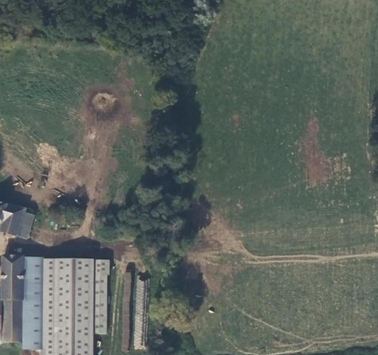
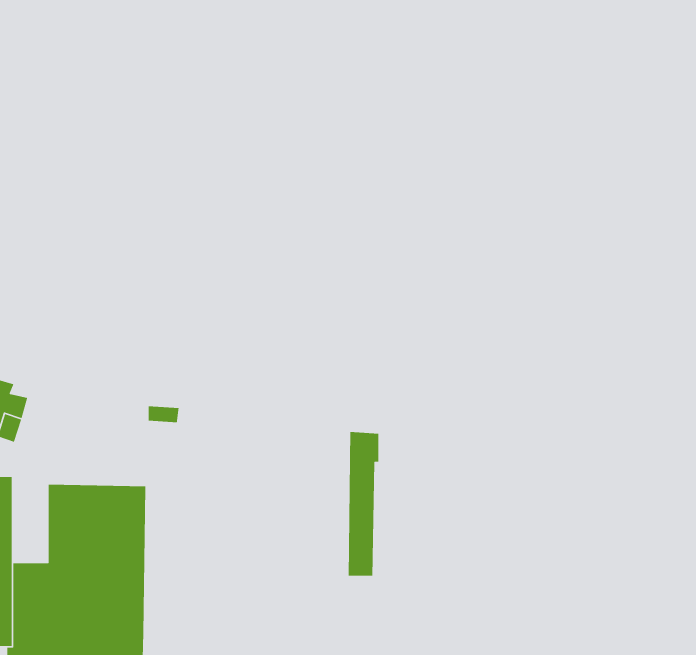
building: [24,258,42,298] -> none
building: [91,260,107,334] -> [348,431,379,576]

